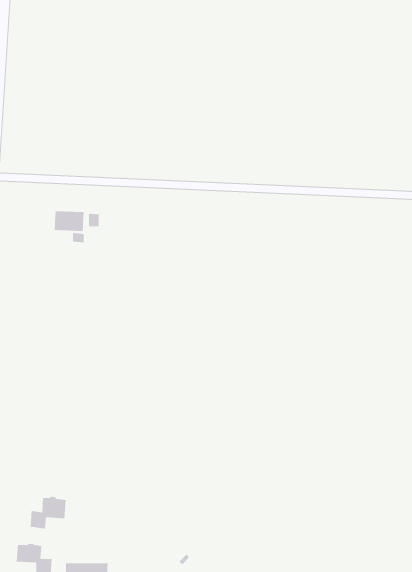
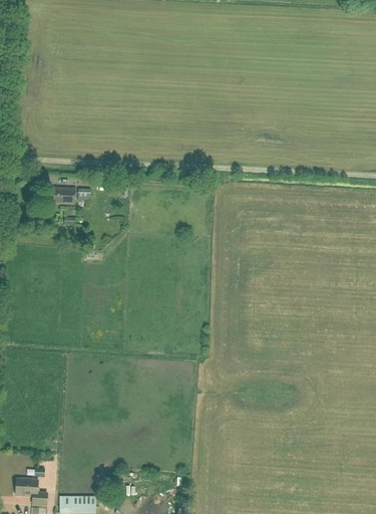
building: [30,496,66,529] -> none

